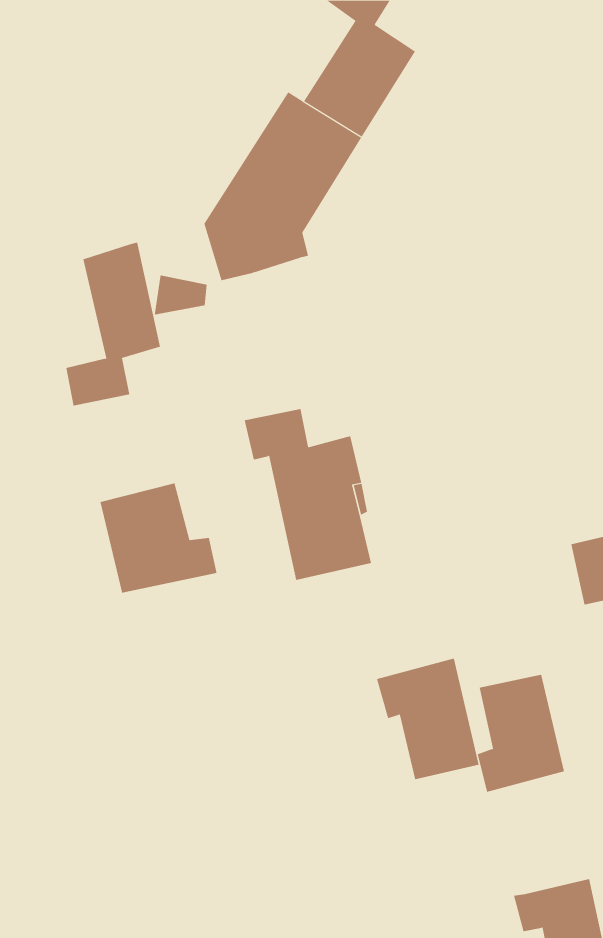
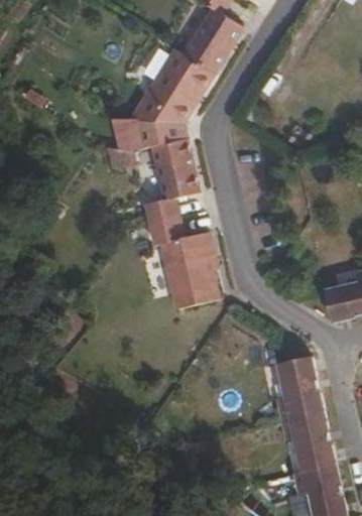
building: [65,242,161,406] -> [147,136,198,223]
building: [100,482,217,594] -> none
building: [376,658,479,780] -> [279,408,334,473]

